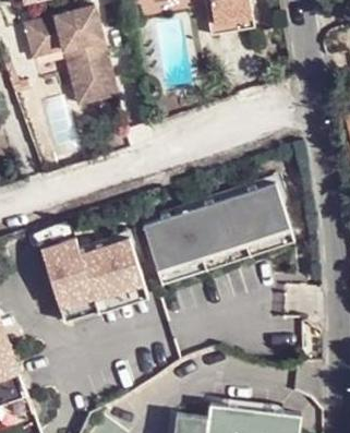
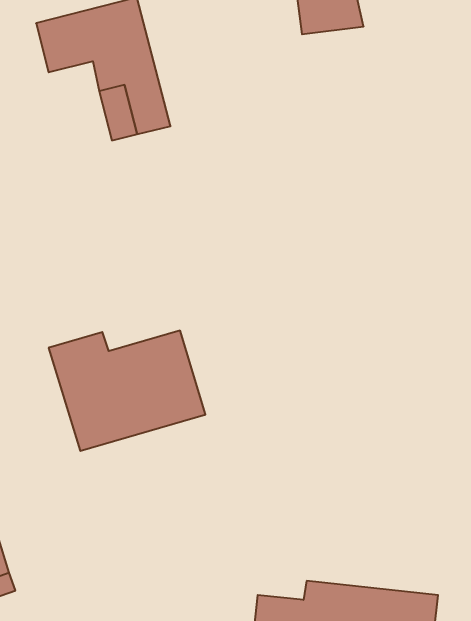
building: [138,179,290,278] -> none

